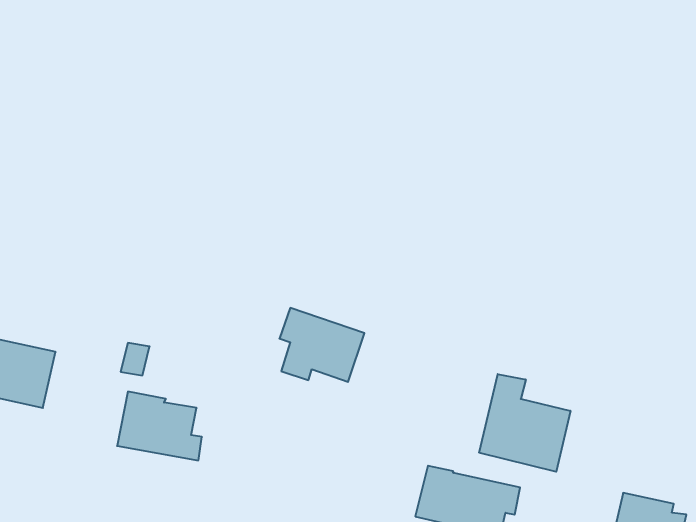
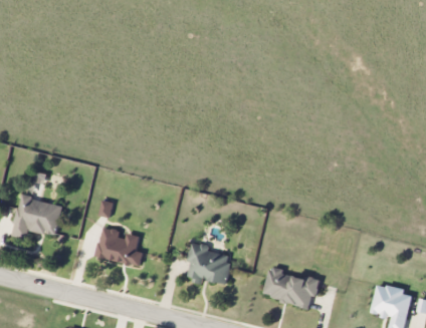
building: [279,308,364,382] -> [186,243,233,284]
building: [479,374,570,472] -> none

